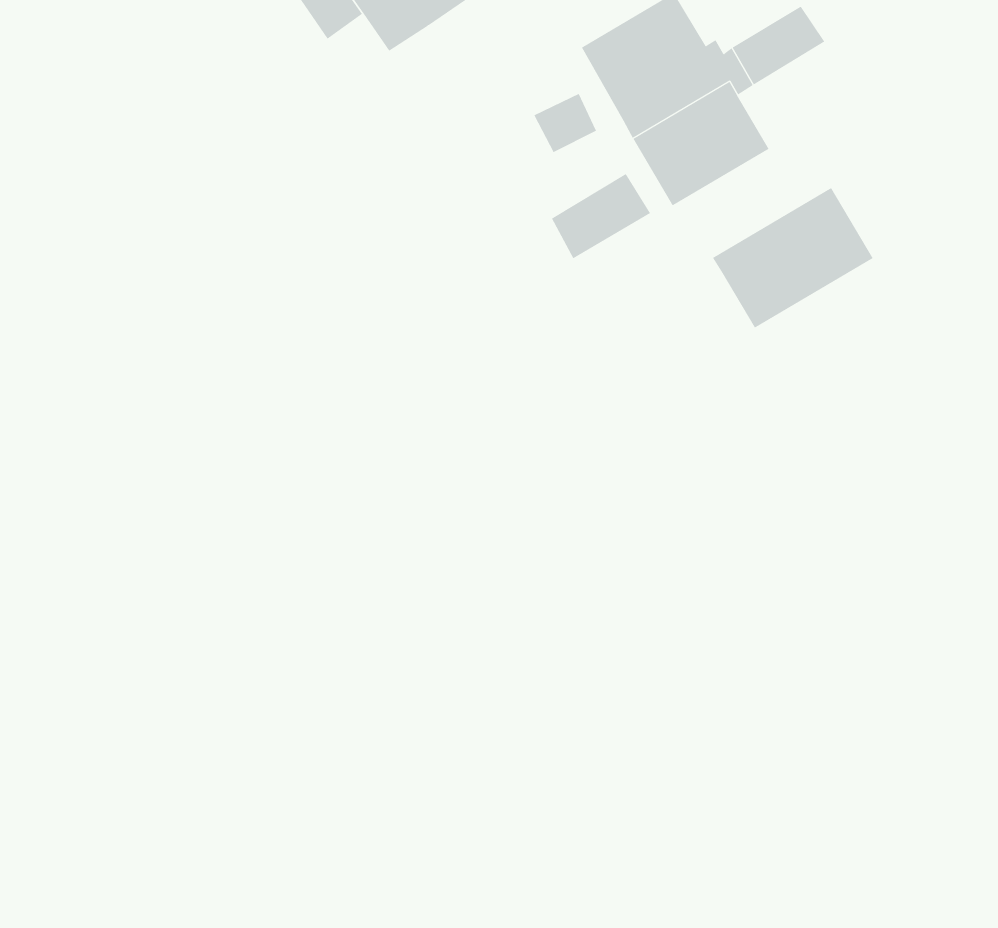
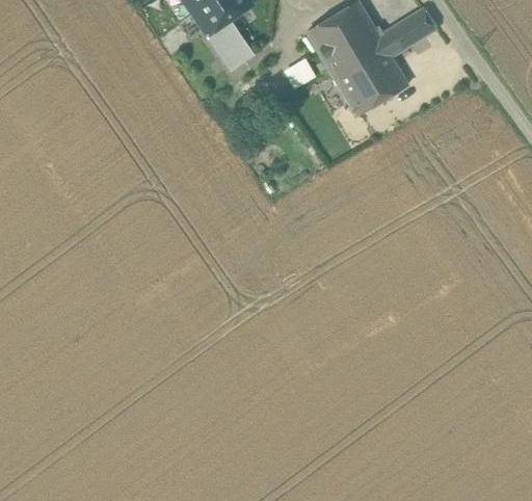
building: none -> [208,19,251,67]
building: [551,173,651,259] -> none
building: [712,187,873,329] -> none

